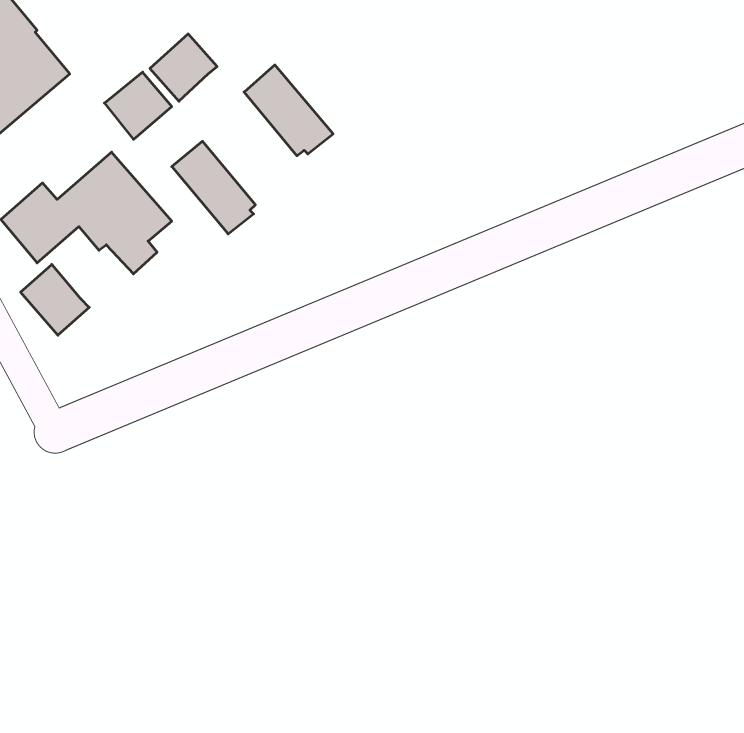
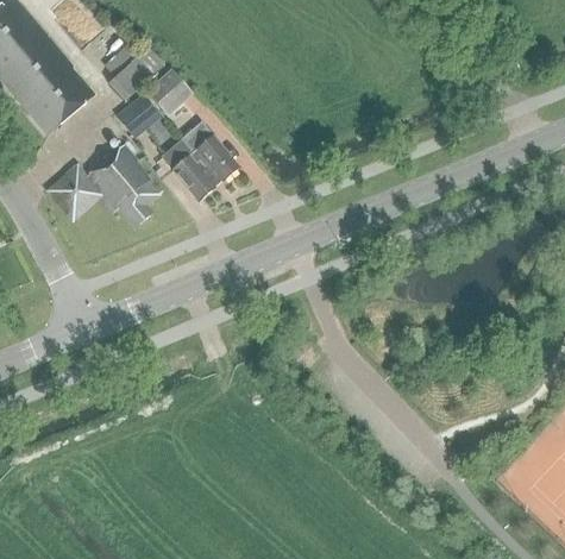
building: none -> [107,52,152,98]
building: [244,65,333,156] -> [180,121,238,181]
building: [21,264,89,335] -> none

